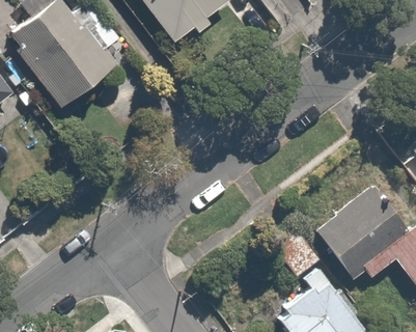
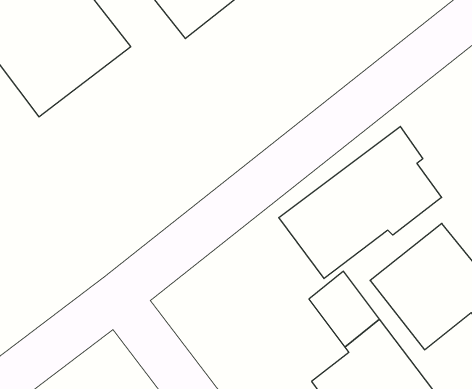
building: none -> [279,126,442,279]

